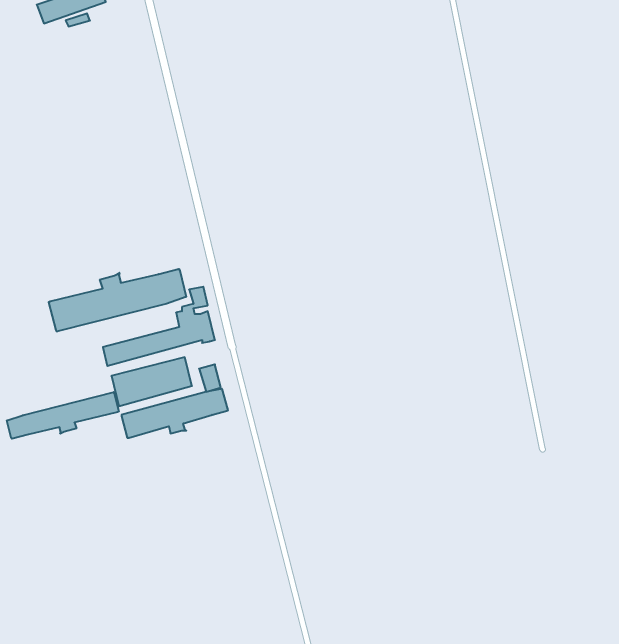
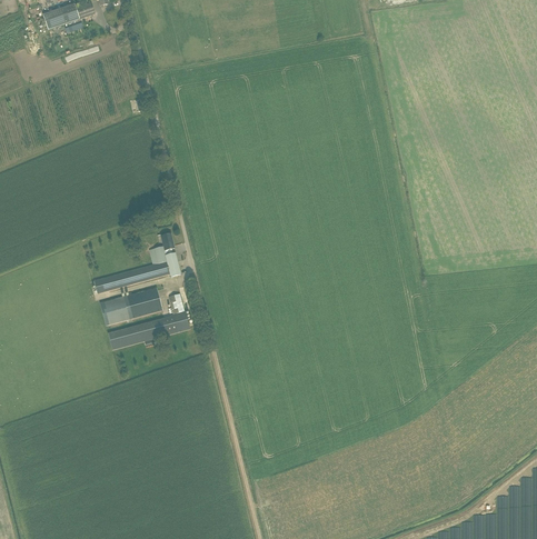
building: [49,269,186,332] -> none
building: [7,392,119,439] -> none

